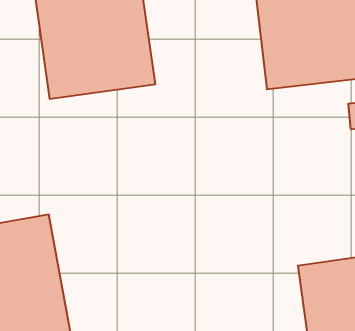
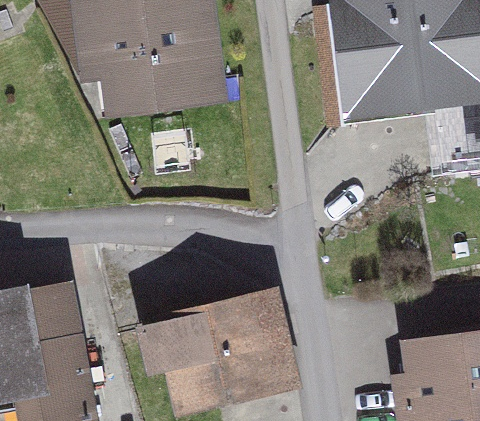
building: none -> [138,295,295,411]

